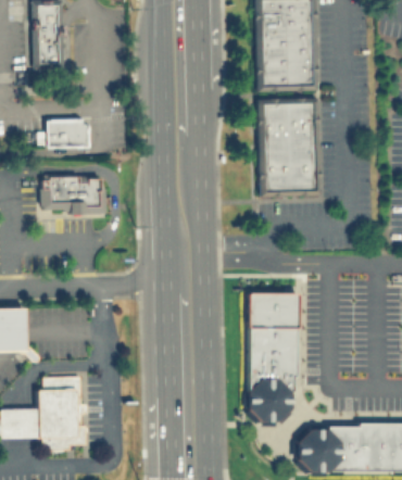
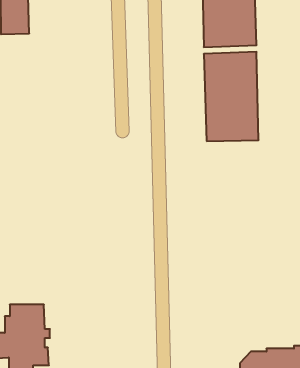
building: [38,118,89,148] -> none
building: [40,176,106,214] -> none
building: [247,293,297,422] -> none

